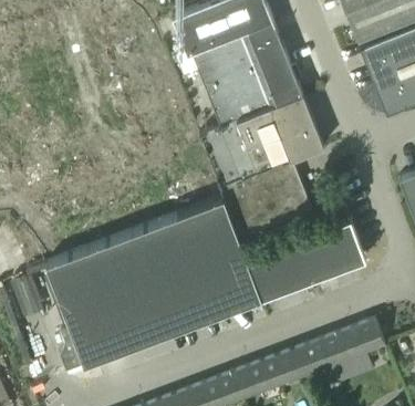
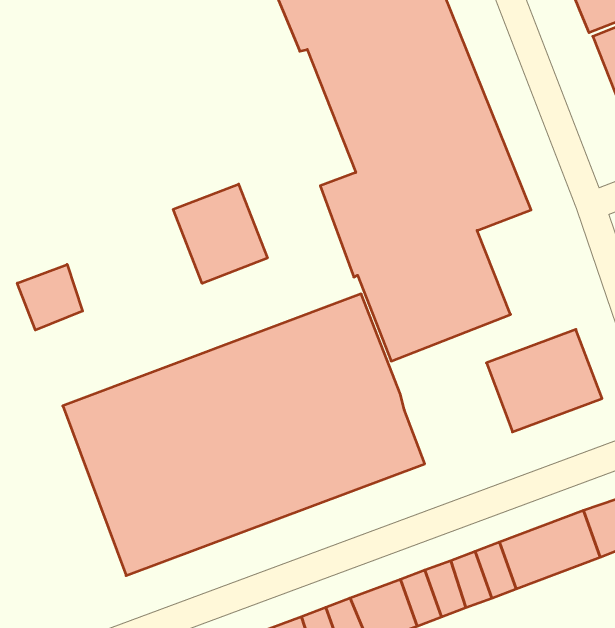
building: none -> [173,184,267,283]
building: none -> [17,264,83,330]
building: [247,240,313,301] -> none

